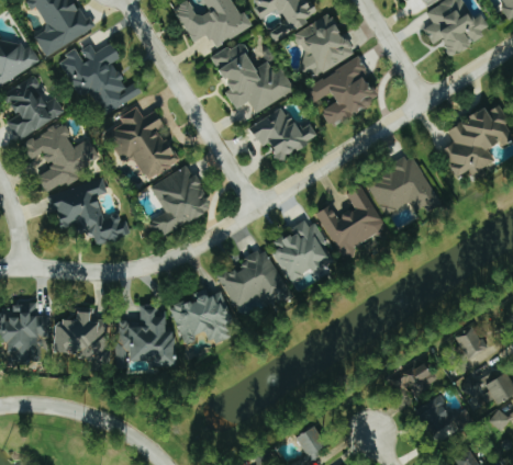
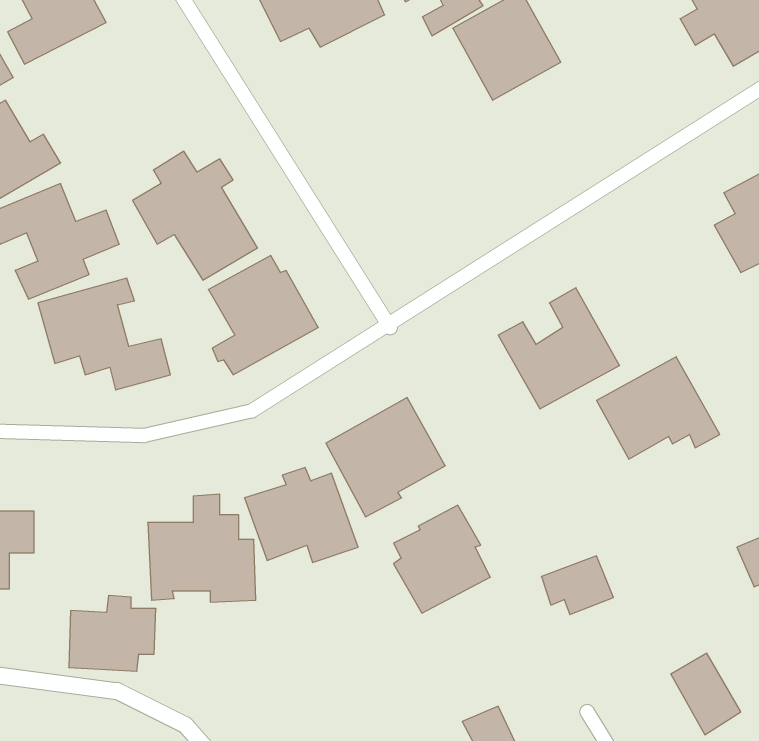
building: [211,41,293,113] -> none
building: [57,43,142,114] -> none
building: [306,58,378,126] -> none
building: [252,106,317,162] -> none
building: [367,157,438,216] -> [597,357,720,459]
building: [275,219,331,282] -> [394,505,490,613]
building: [55,313,105,356] -> [69,595,156,671]
building: [394,362,436,396] -> [541,556,613,615]

